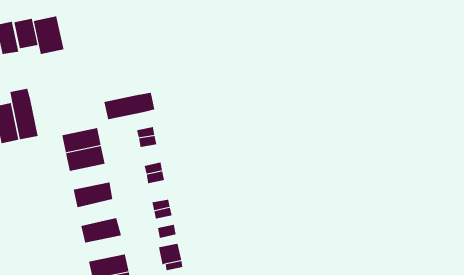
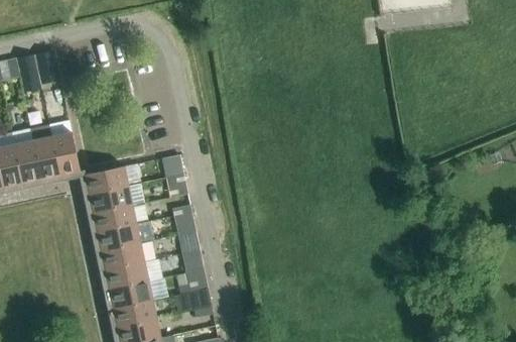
building: [33,15,64,55] -> none
building: [104,92,155,120] -> [92,202,146,231]
building: none -> [51,131,79,175]
building: none -> [100,241,142,269]
building: none -> [108,279,151,307]

